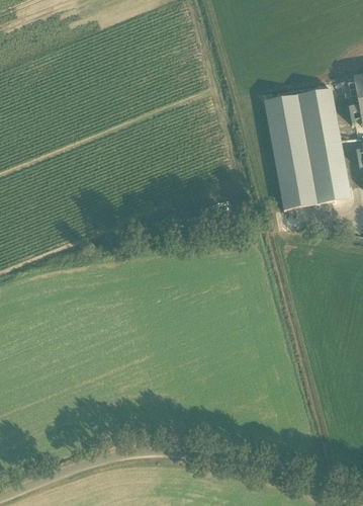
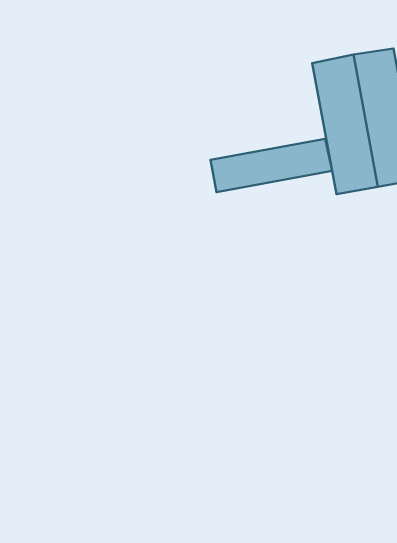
building: none -> [210,139,332,192]

